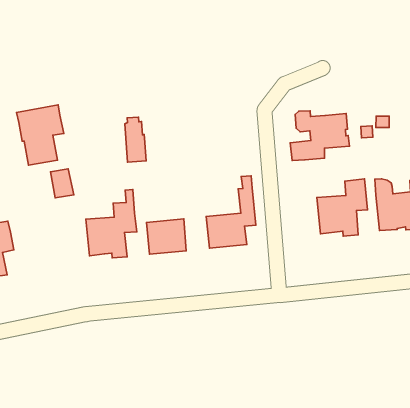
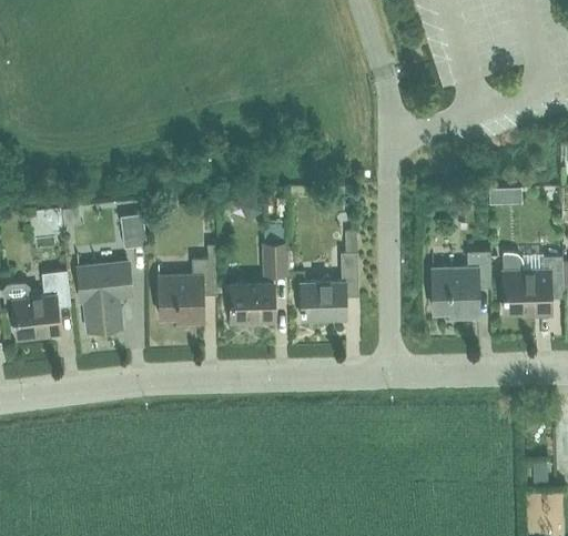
building: [16,105,64,165] -> [77,263,131,332]
building: [290,111,349,161] -> none
building: [125,117,146,162] -> [263,223,285,275]

